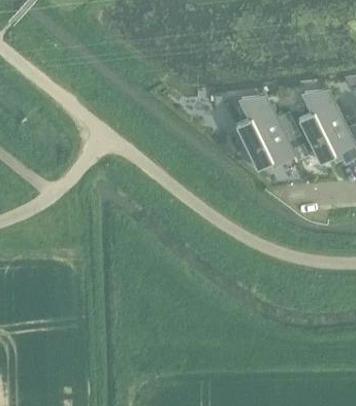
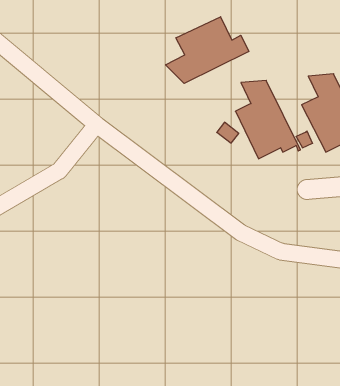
building: none -> [166,17,249,83]

